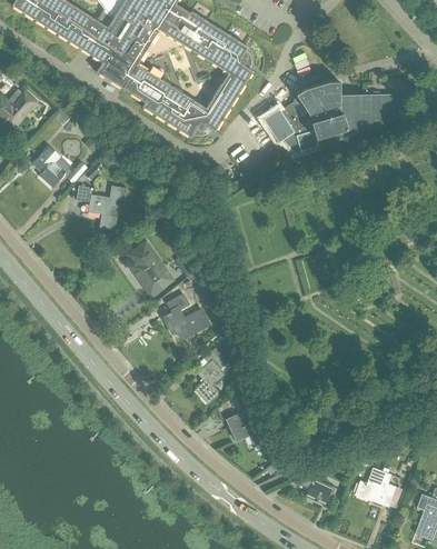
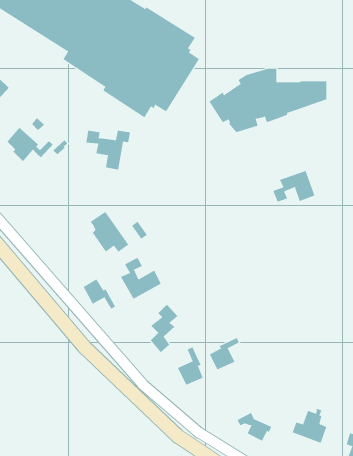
building: [76,184,127,230] -> [86,130,131,170]
building: none -> [272,170,315,202]
building: none -> [83,278,116,309]
building: none -> [209,337,240,370]

